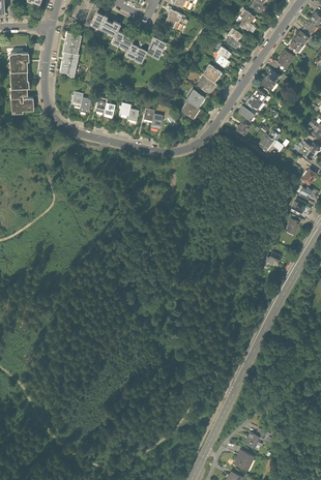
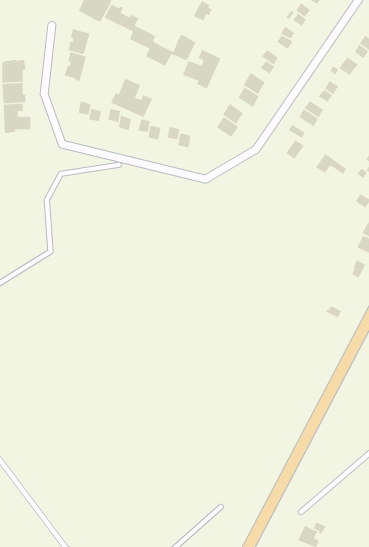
building: none -> [182,49,221,90]
building: none -> [110,78,153,118]

